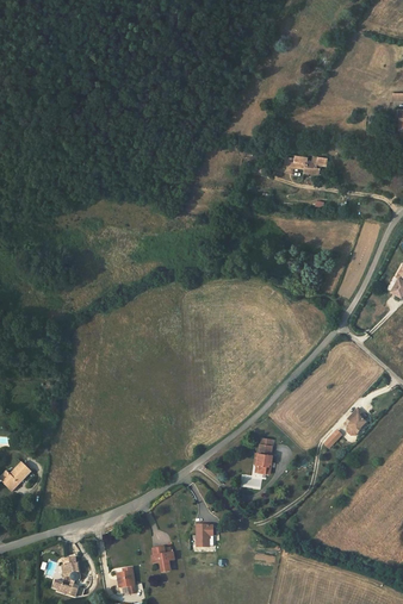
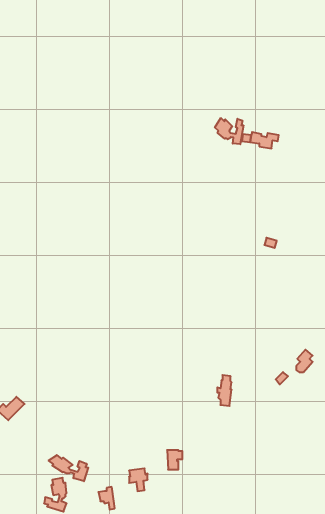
building: none -> [215,118,243,144]
building: none -> [49,455,88,481]

